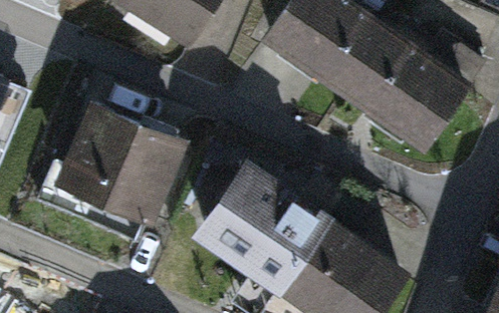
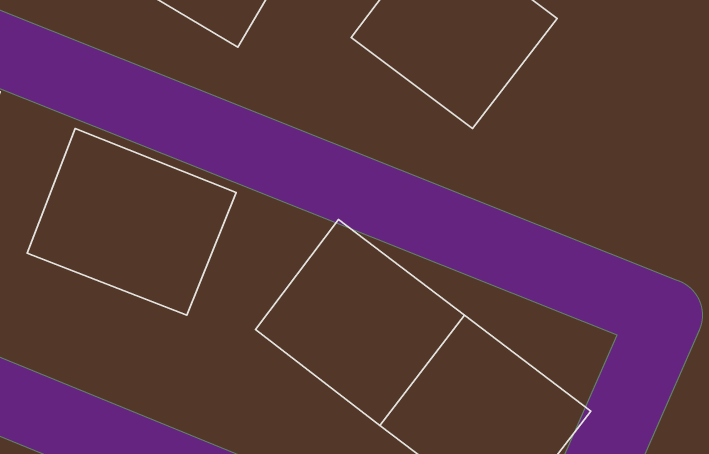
building: [335,32,464,159] -> none

